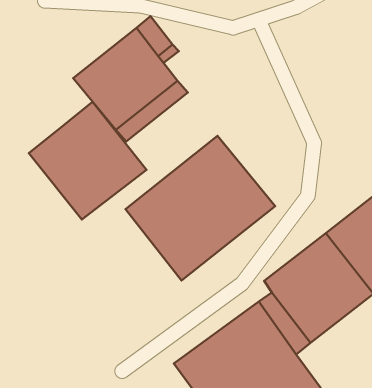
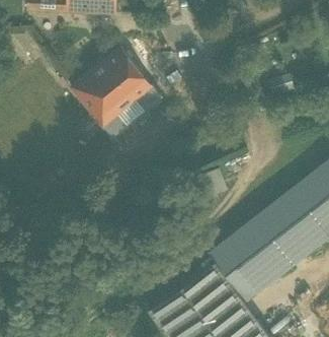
building: [29,102,147,220] -> none
building: [126,136,275,280] -> none

